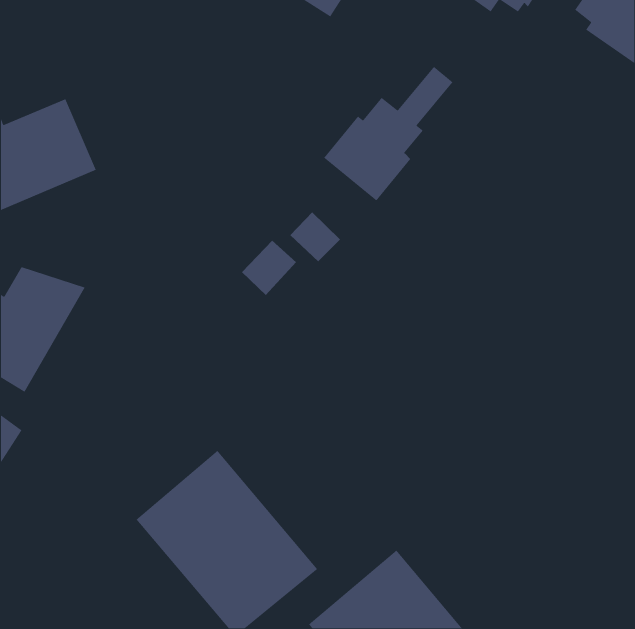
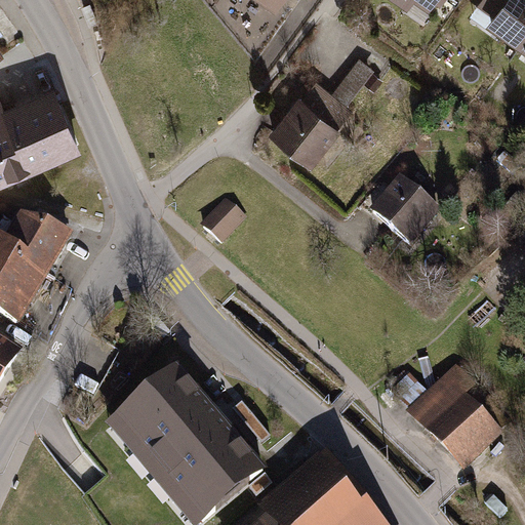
building: [289,211,341,262] -> none
building: none -> [363,176,438,249]
building: none -> [411,366,498,462]

